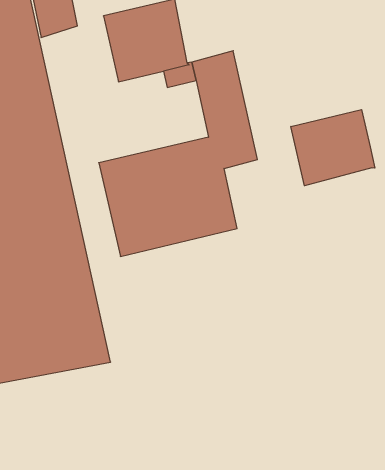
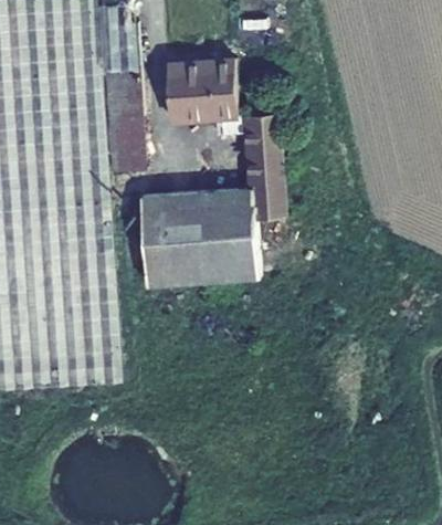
building: none -> [104,67,148,171]
building: [291,110,375,186] -> none

